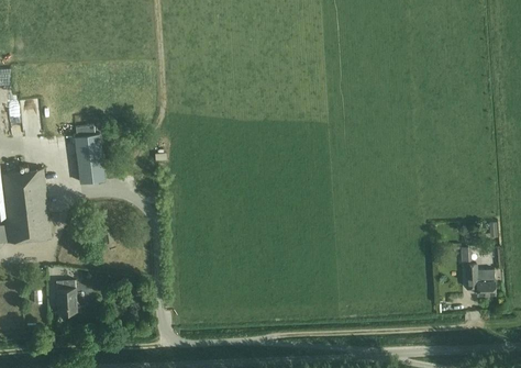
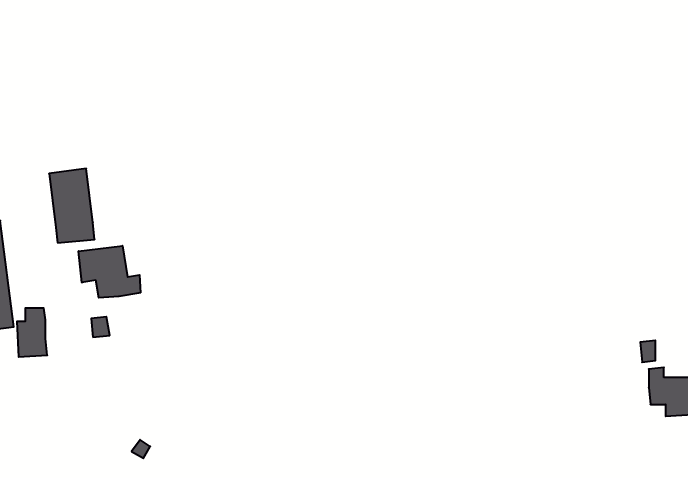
building: none -> [79,246,140,298]
building: [56,281,76,313] -> [17,308,47,357]

